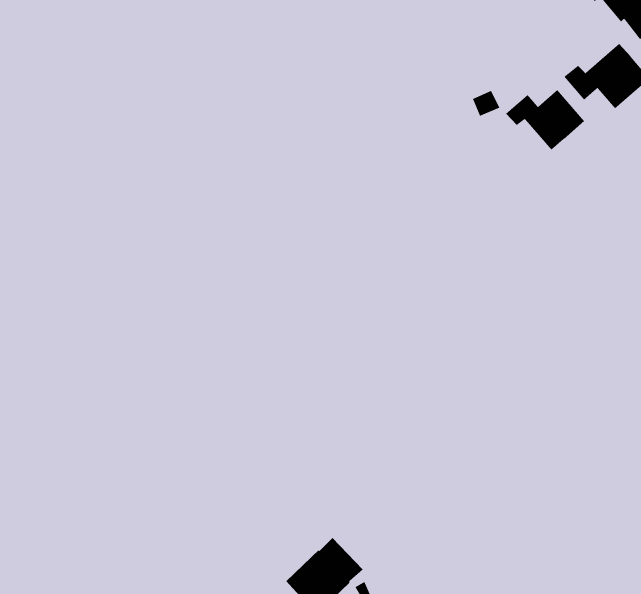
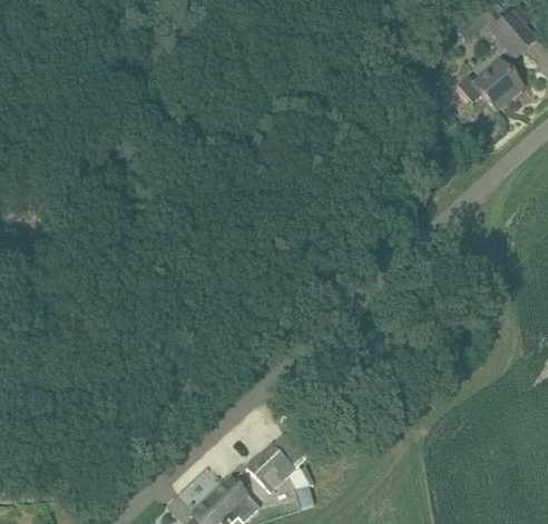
building: [505,89,585,150] -> none

